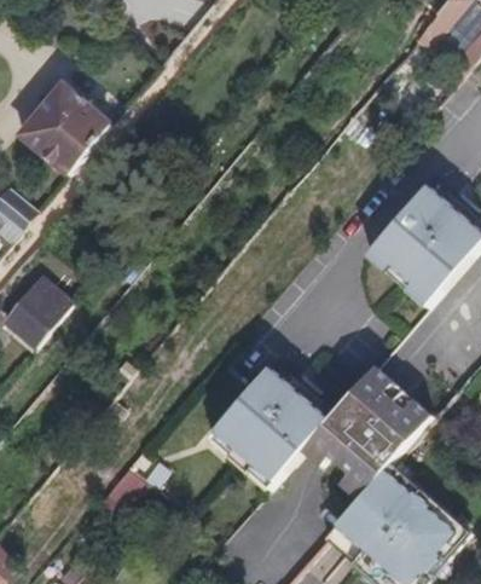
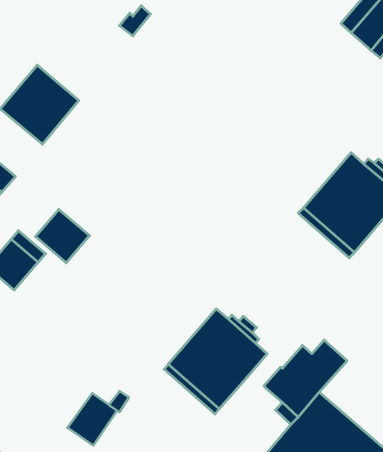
building: none -> [35,209,90,263]
building: [301,365,430,466] -> none

